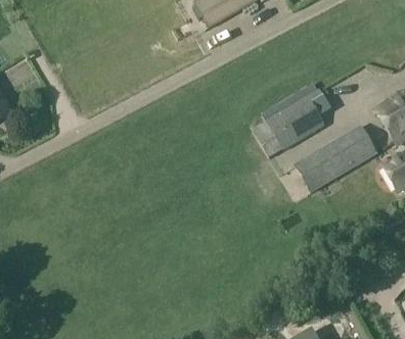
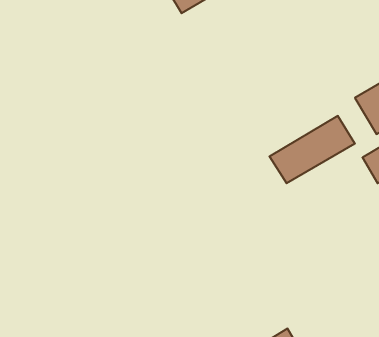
building: [265,95,324,150] -> none

